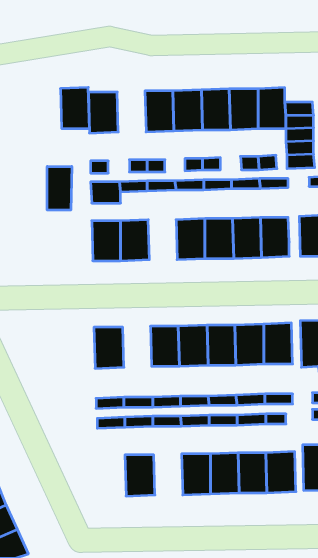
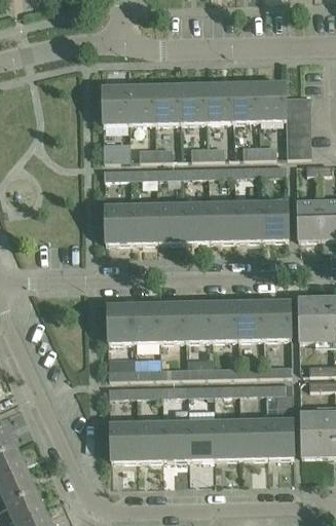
building: [60,87,89,128] -> [128,85,155,123]
building: [47,166,72,210] -> none
building: none -> [157,204,184,241]
building: none -> [134,303,160,341]
building: none -> [162,421,189,459]
building: none -> [110,422,137,460]

